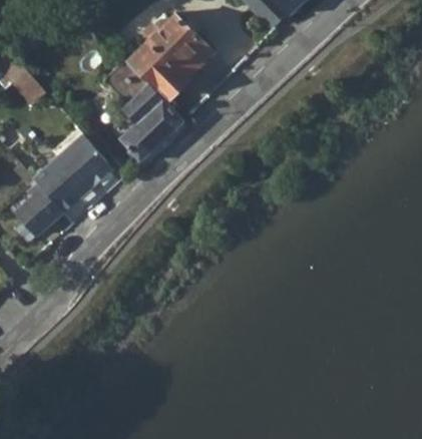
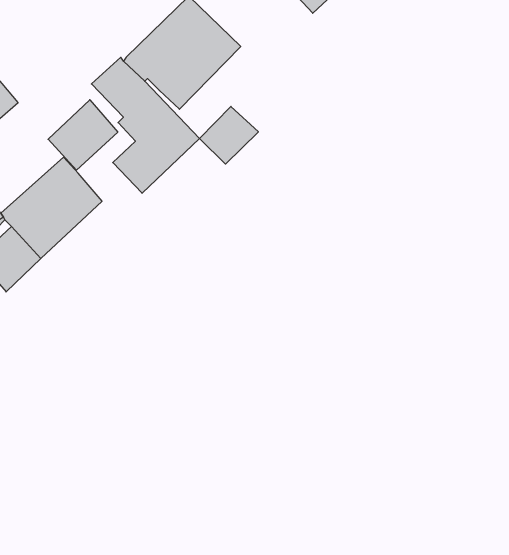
building: none -> [48,100,118,170]
building: none -> [199,106,258,164]

